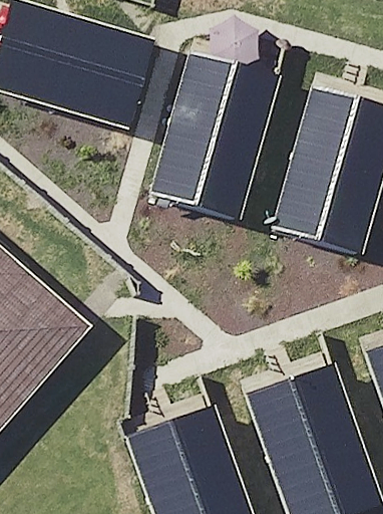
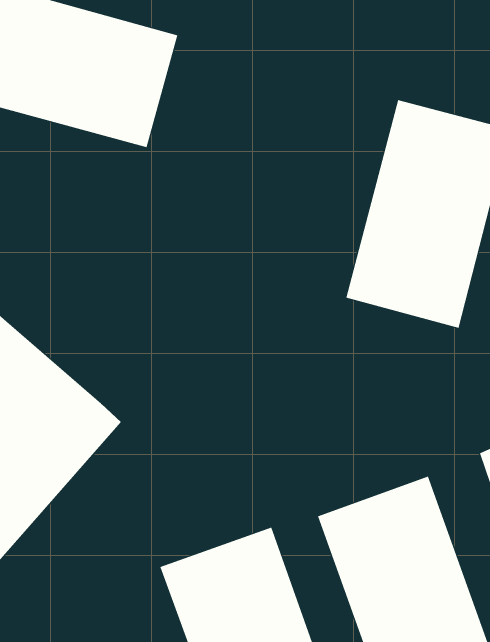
building: [147,53,273,225] -> none

